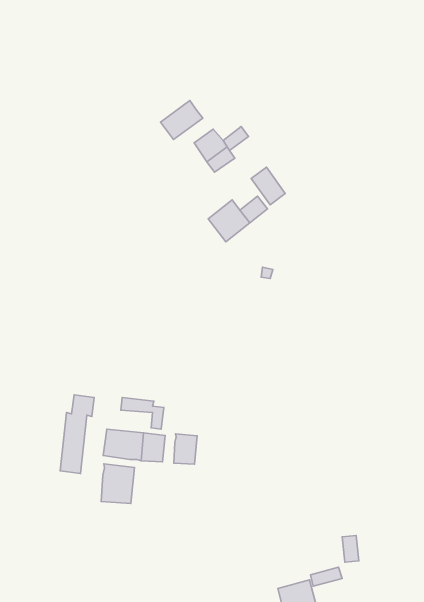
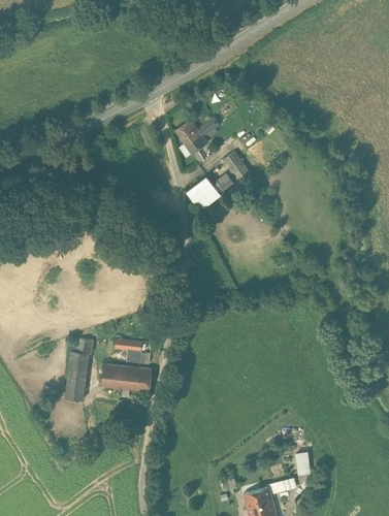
building: [160,101,203,140] -> none
building: [174,434,197,464] -> none
building: [101,464,135,504] -> none

